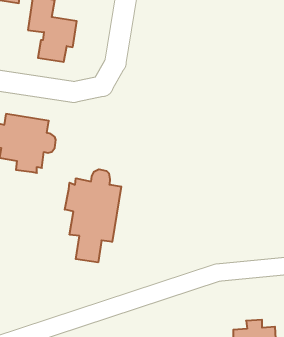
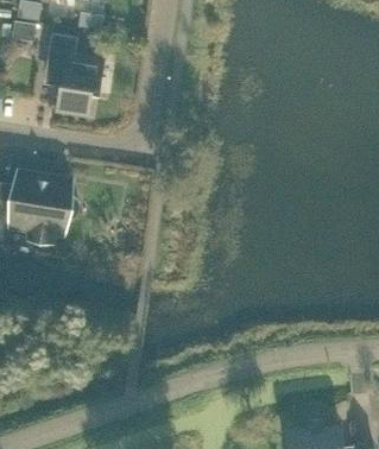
building: [65,169,121,262] -> none

